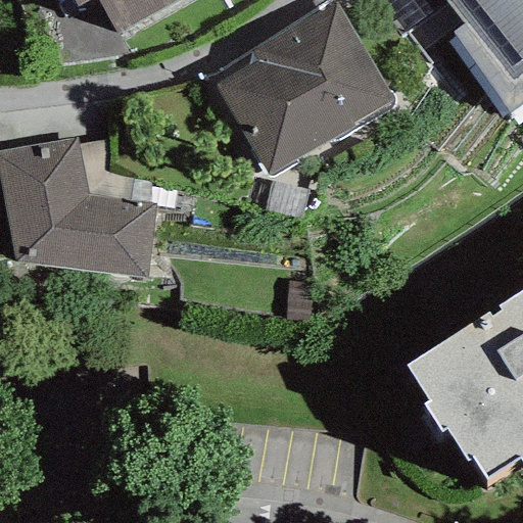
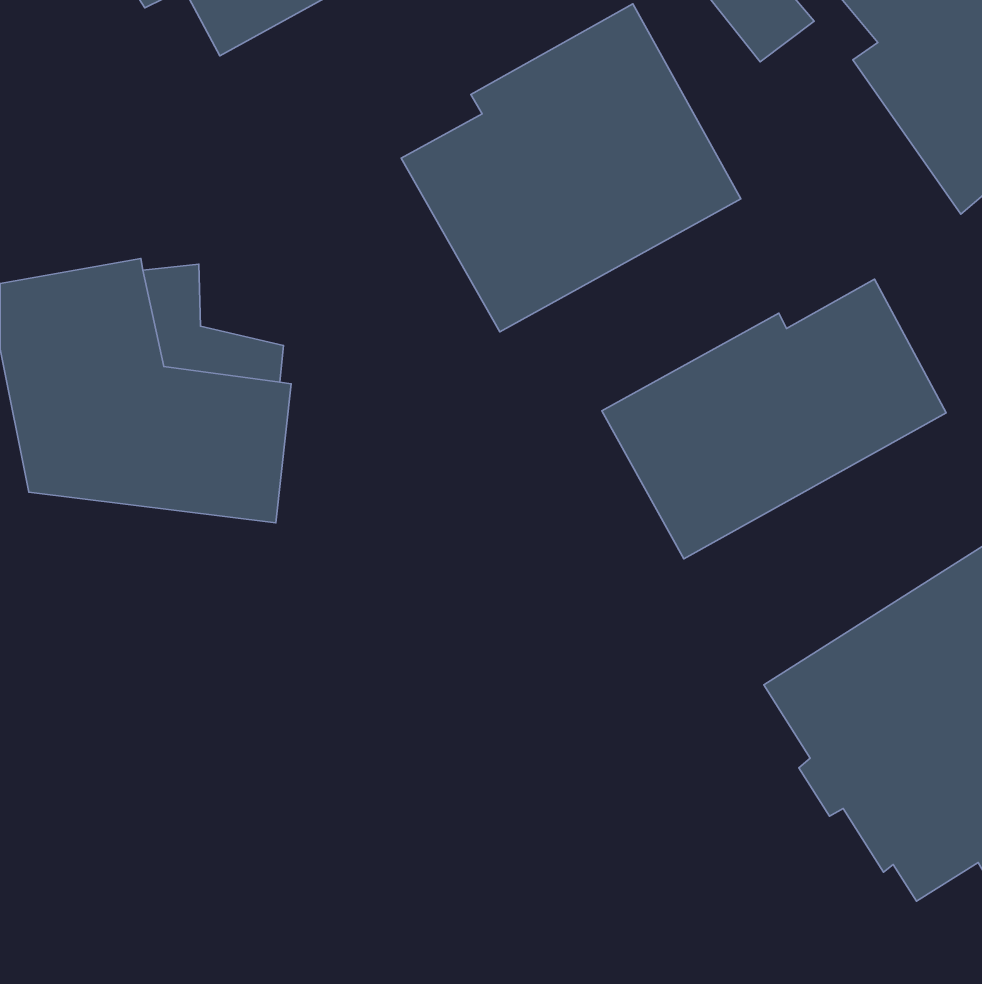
building: none -> [602,279,946,559]

